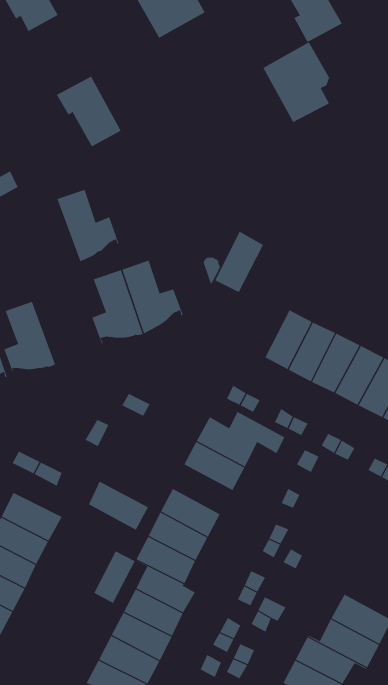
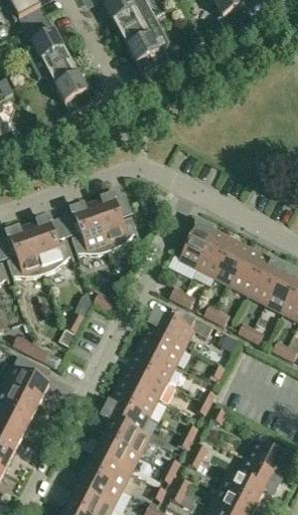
building: none -> [25,17,71,77]
building: [262,42,330,123] -> [121,15,170,74]
building: [56,189,120,262] -> [28,219,74,273]
building: [214,231,264,293] -> [180,222,216,268]
building: [88,481,149,530] -> [131,346,175,382]
building: [93,550,135,604] -> none

